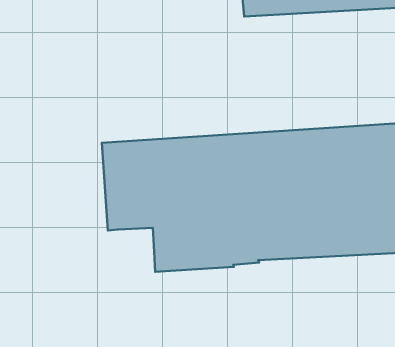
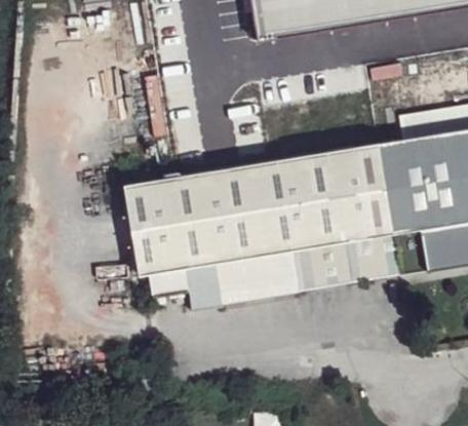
building: none -> [150,267,190,298]

